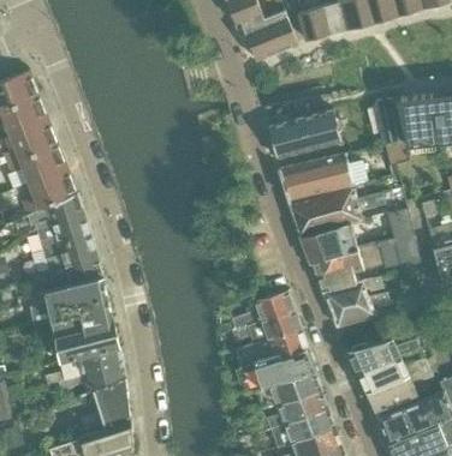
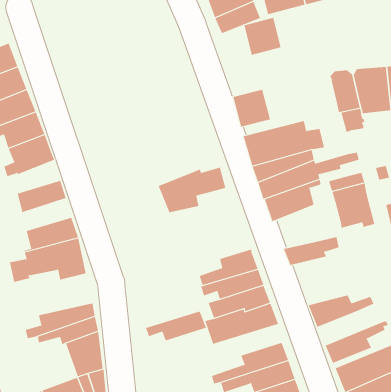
building: [301,112,341,152] -> [243,17,282,55]
building: [28,196,84,232] -> none
building: [42,236,96,271] -> none
building: [310,241,383,290] -> [158,167,226,213]
building: [329,292,400,326] -> none
building: [50,313,119,361] -> none
building: [358,358,428,394] -> none
building: [255,372,321,404] -> [145,311,207,341]

